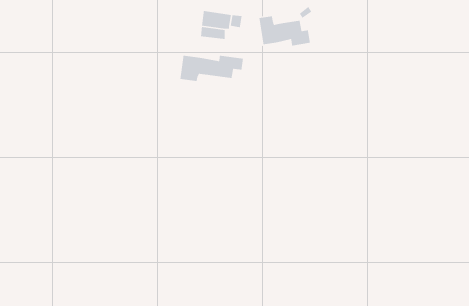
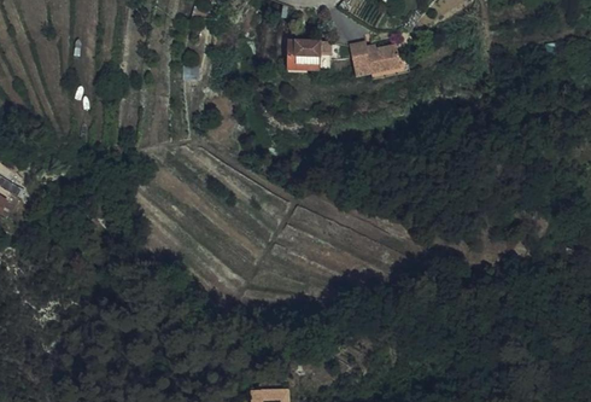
building: [180,55,244,82] -> none

